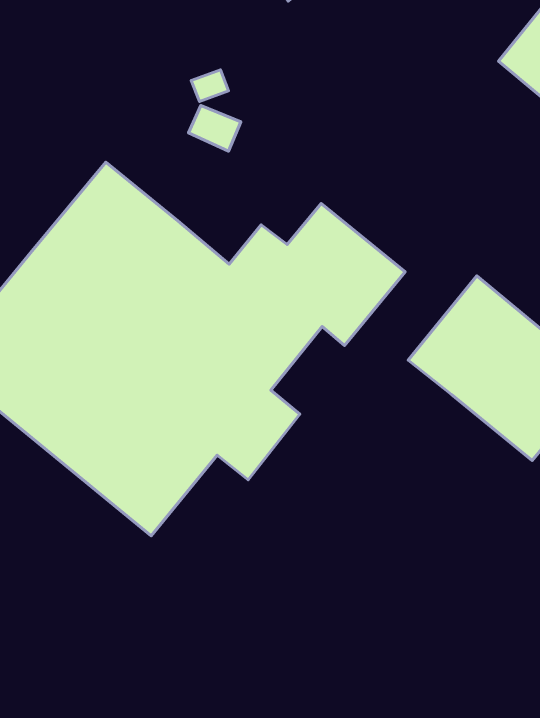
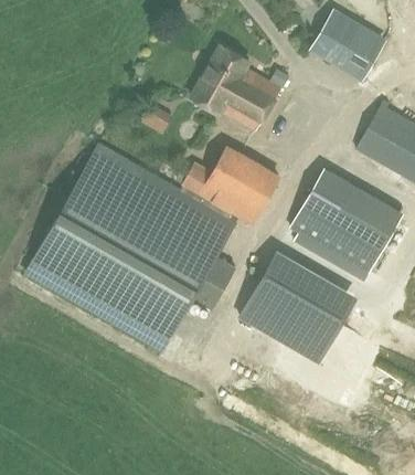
building: none -> [191,44,281,130]
building: none -> [244,256,351,352]

